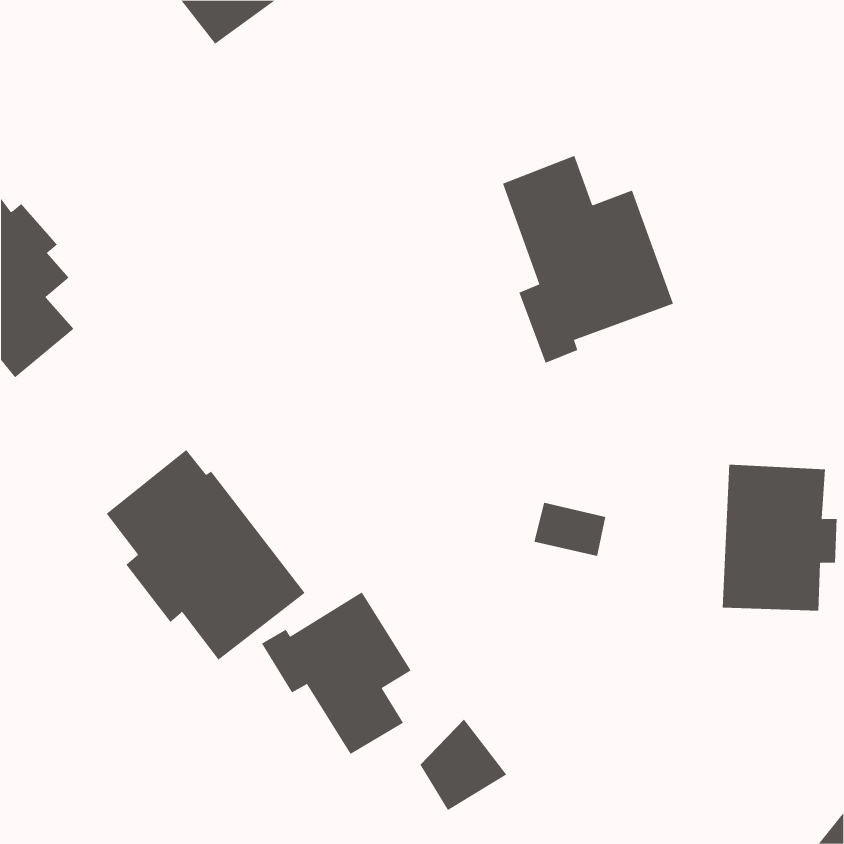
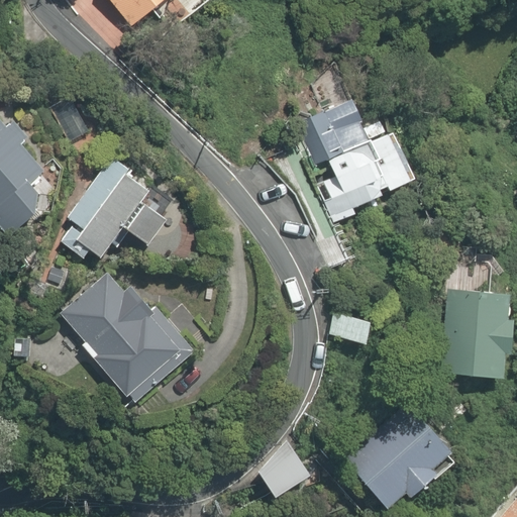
building: none -> [60,154,169,263]
building: [261,591,411,755] -> none
building: none -> [353,414,450,506]

